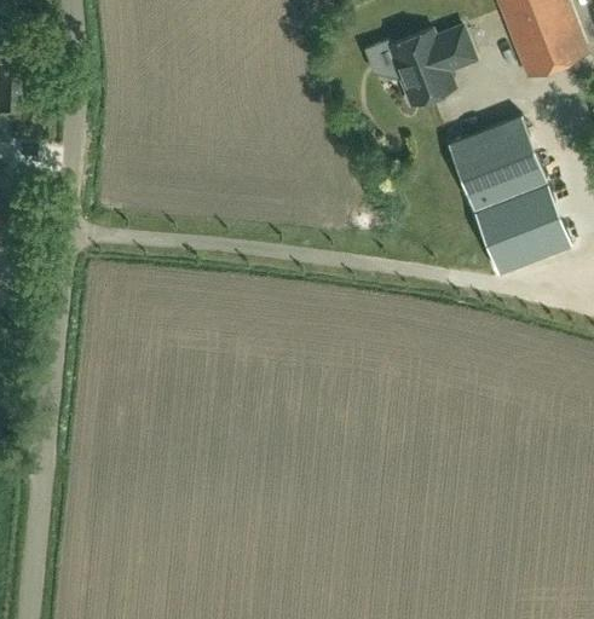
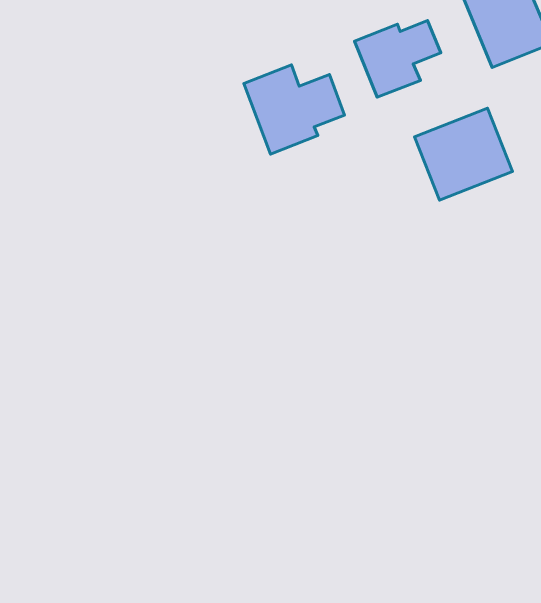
building: none -> [244,65,345,154]
building: [472,181,570,274] -> none

